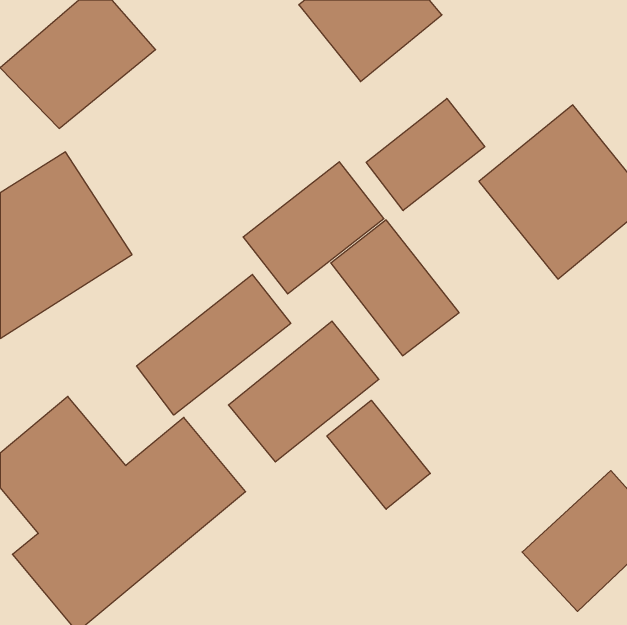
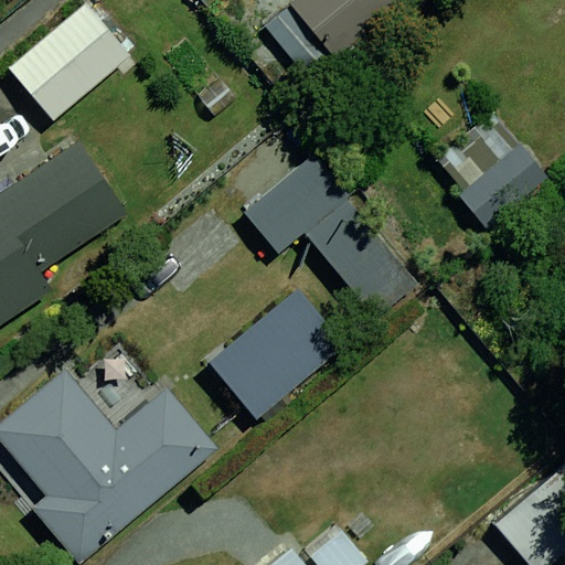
building: [366,98,485,211] -> none
building: [137,274,291,415] -> none
building: [327,400,430,509] -> none

